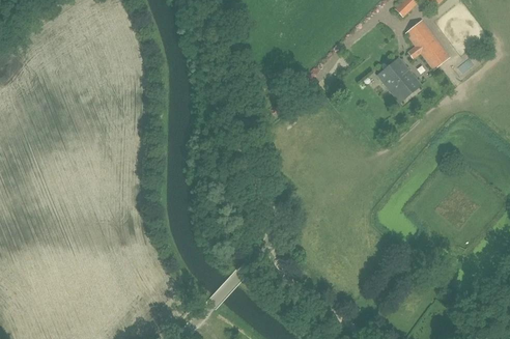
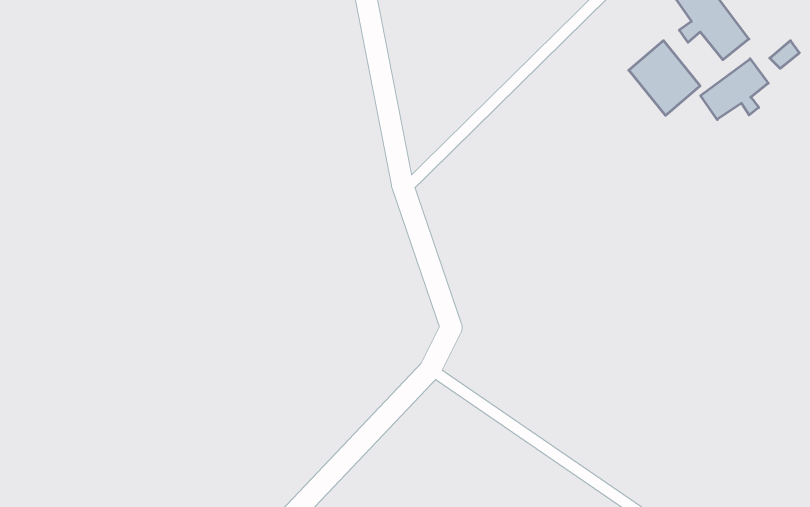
building: none -> [701,59,768,120]

